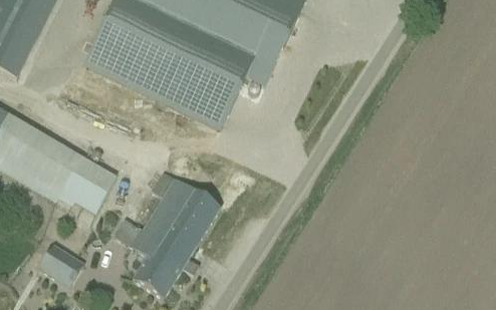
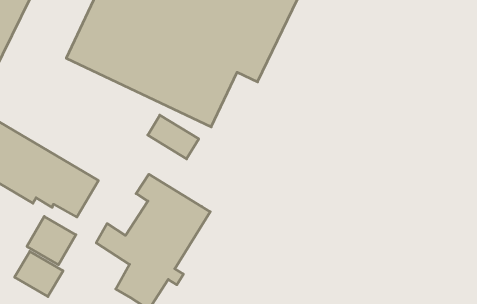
building: none -> [148,115,199,159]
building: none -> [27,216,76,265]

